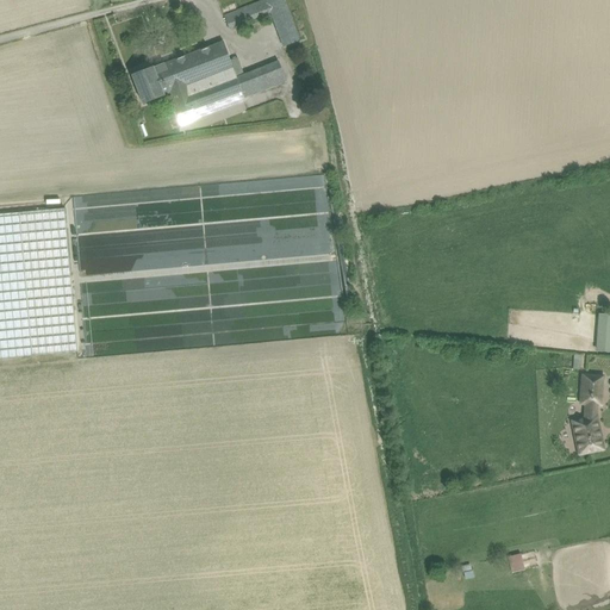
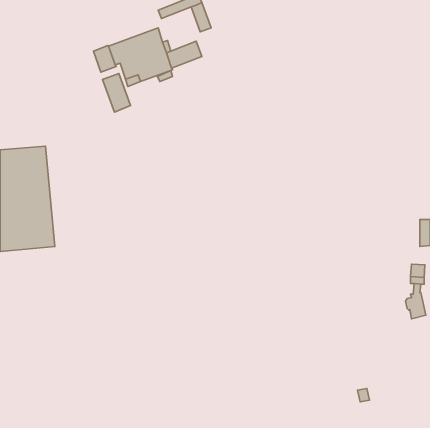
building: none -> [102,73,131,112]

